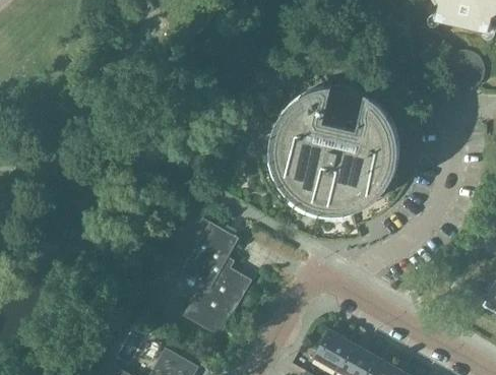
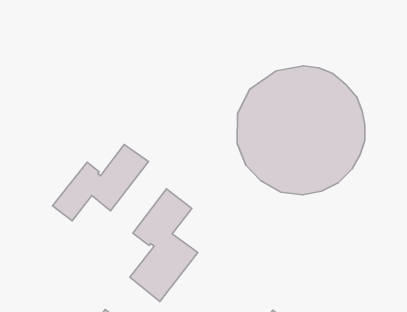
building: none -> [53,144,148,221]

